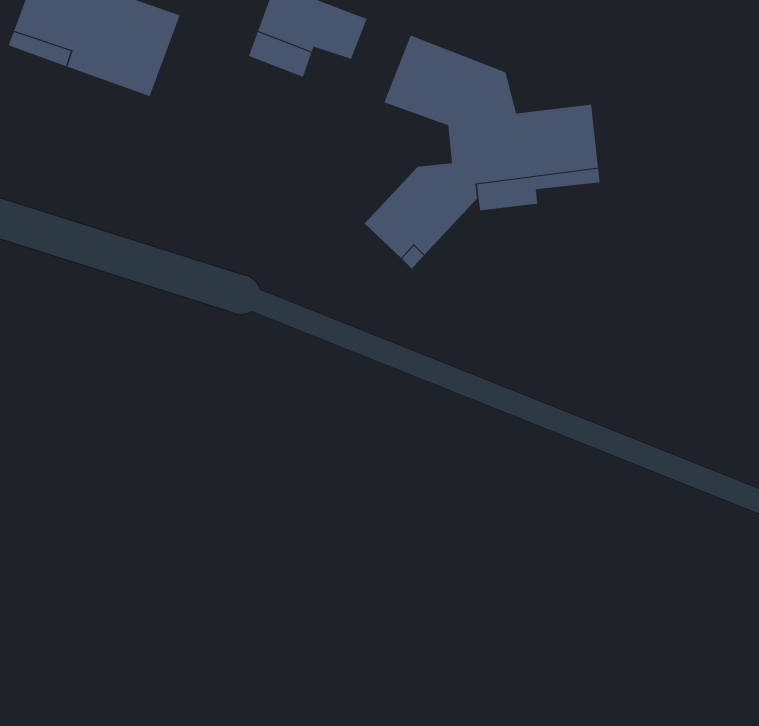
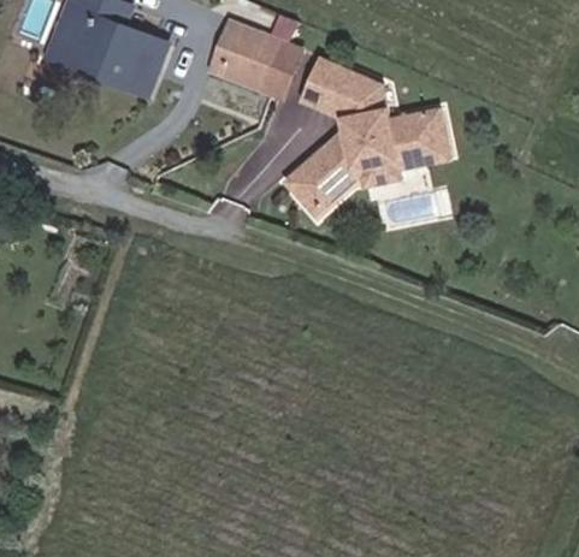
building: none -> [246,46,300,99]

